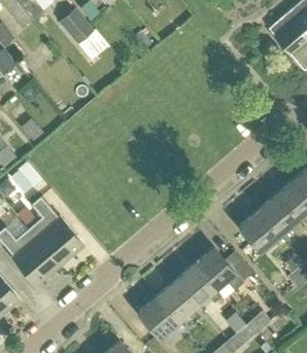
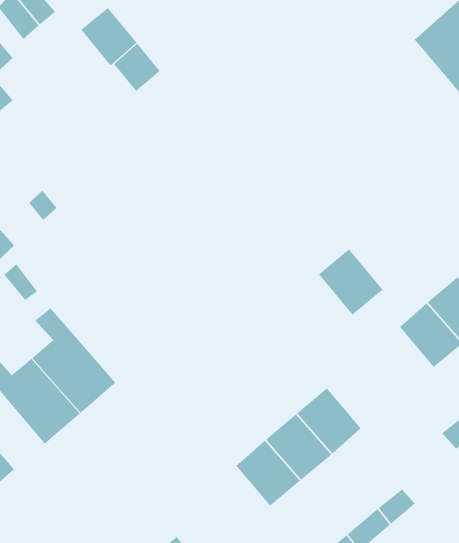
building: [240,210,281,252] -> [318,249,383,315]
building: [138,297,178,339] -> none

